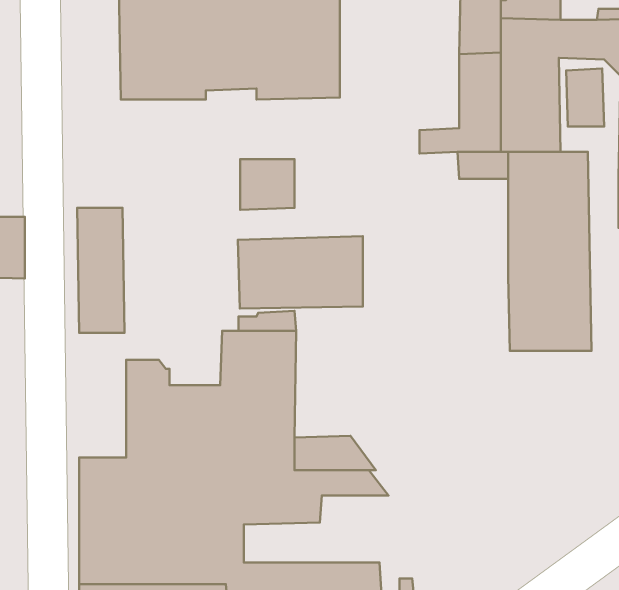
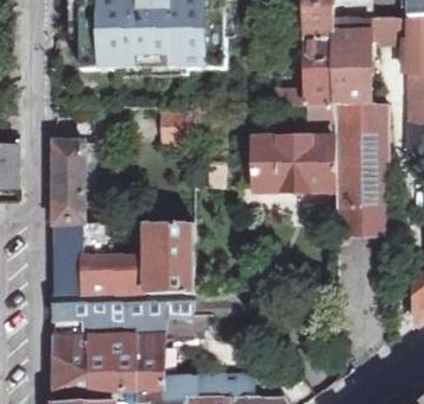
building: [238,236,363,308] -> [252,139,334,187]
building: none -> [52,222,83,304]

